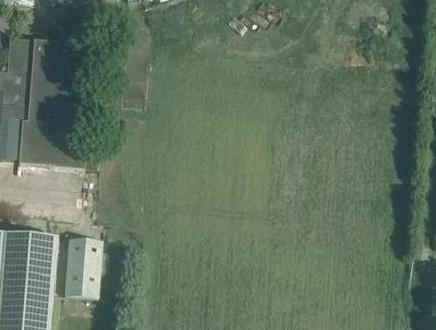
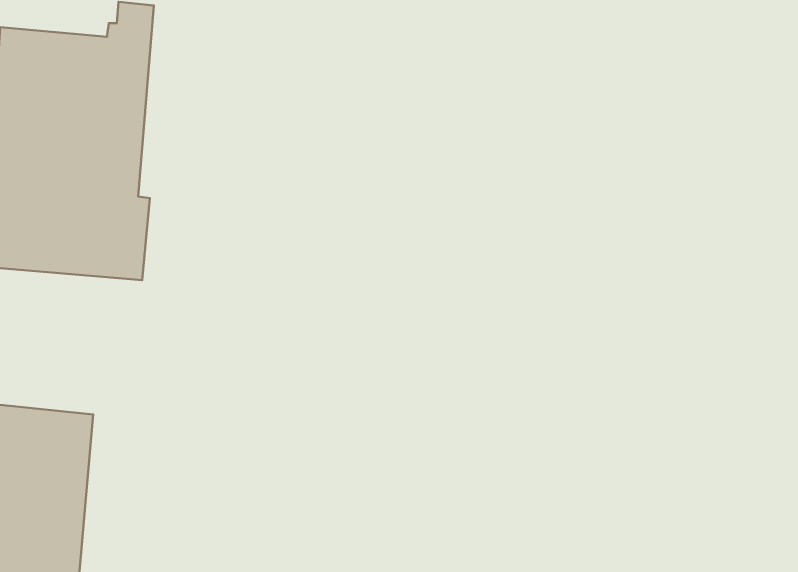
building: [64,238,102,298] -> none

